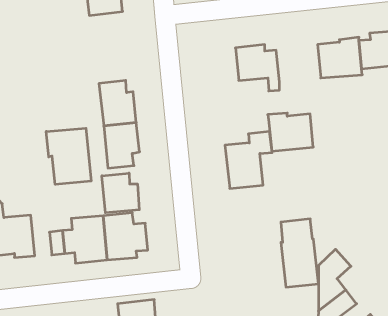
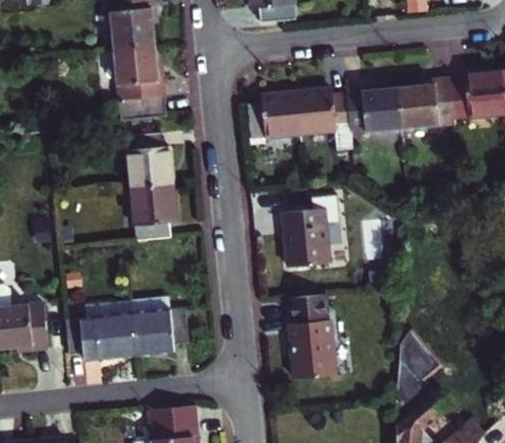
building: none -> [114,46,167,123]
building: none -> [247,91,300,137]
building: [268,113,313,151] -> [346,86,403,134]
building: [46,128,91,184] -> none
building: [102,173,139,213] -> none
building: [281,219,318,287] -> [290,294,337,379]

